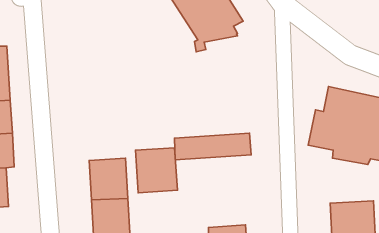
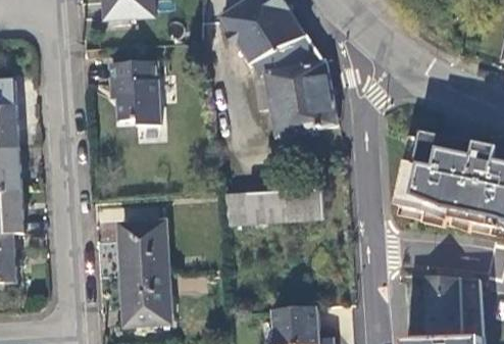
building: none -> [254,47,337,137]
building: none -> [107,61,158,127]
building: [135,148,178,193] -> none

